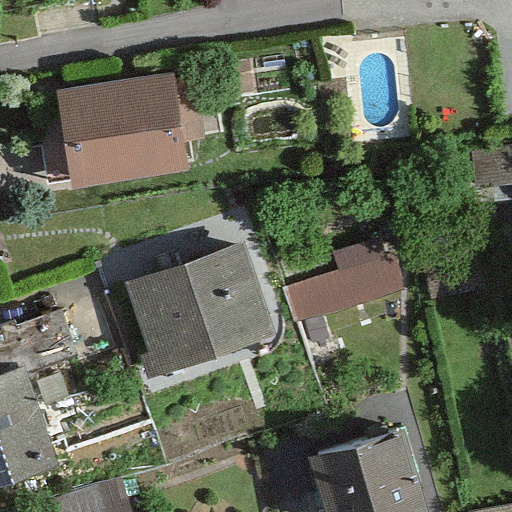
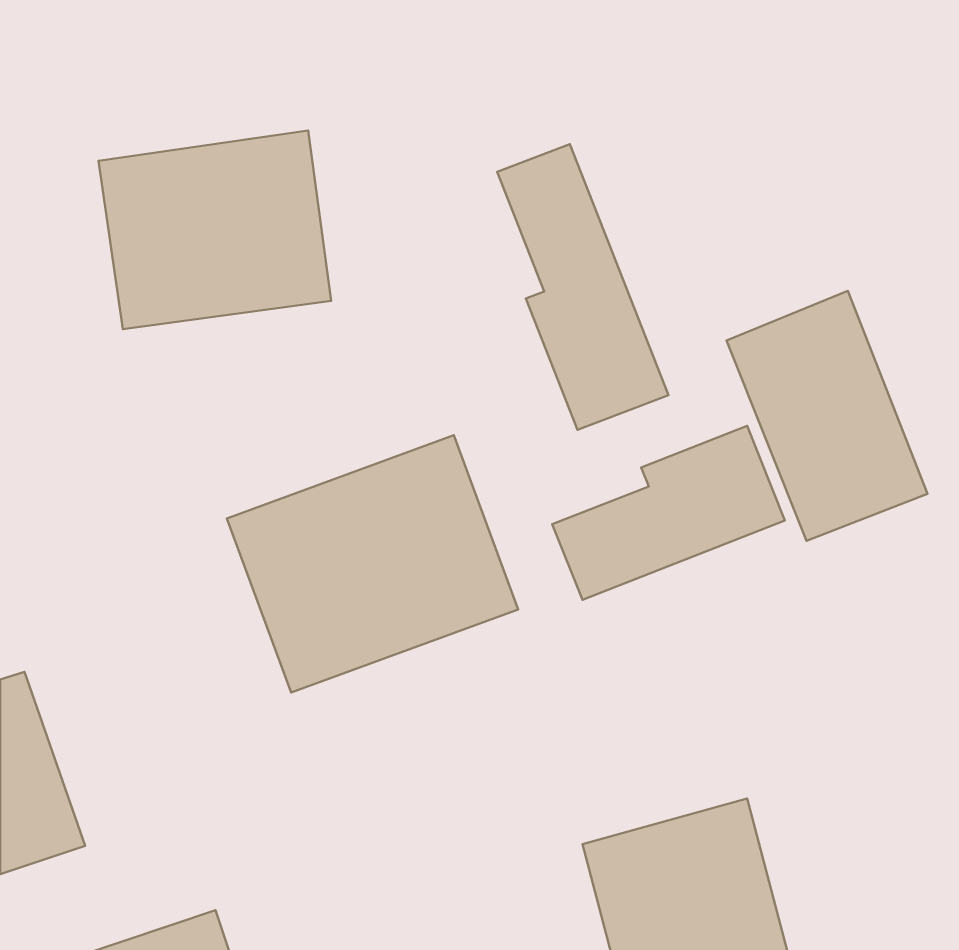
building: none -> [497,144,668,430]
building: none -> [727,291,927,541]

